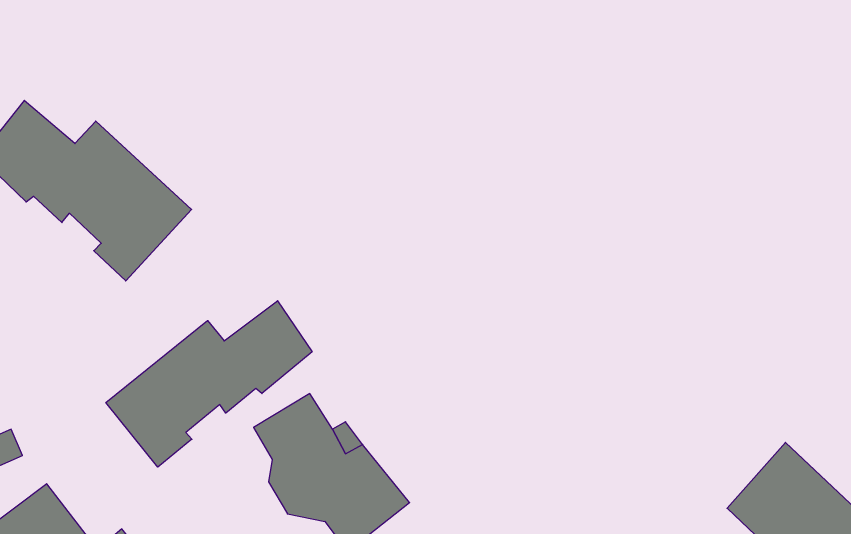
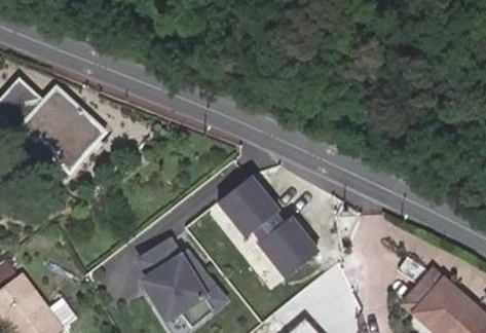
building: none -> [218,178,316,279]
building: [106,301,312,467] -> none

